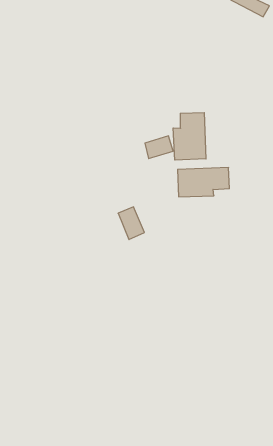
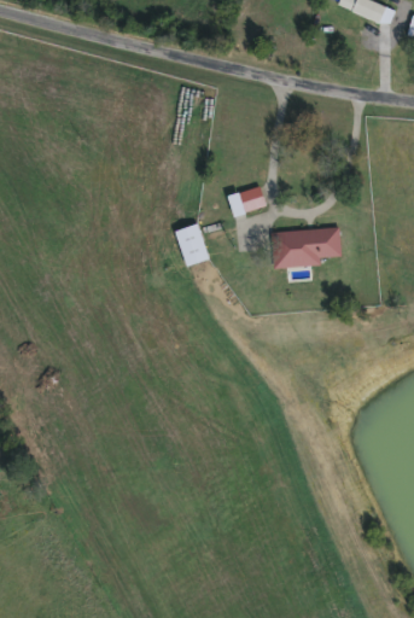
building: [173,113,206,160] -> none
building: [118,207,144,240] -> [175,223,210,267]

